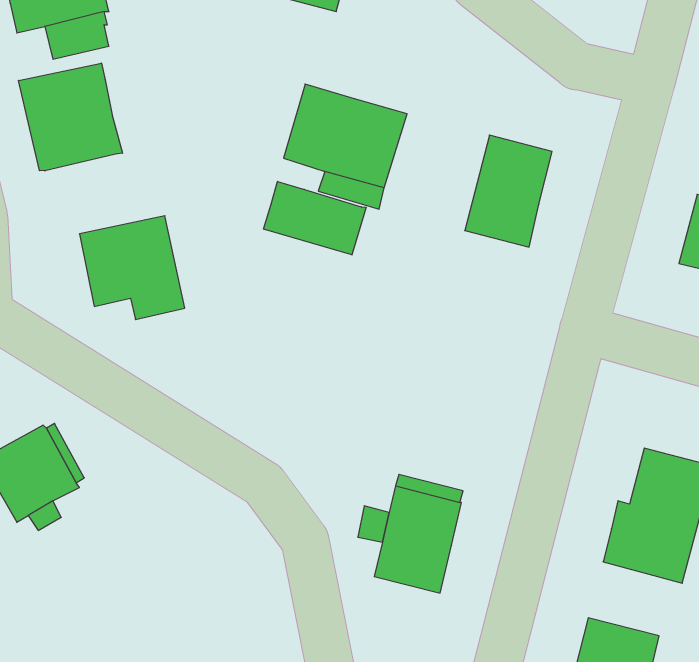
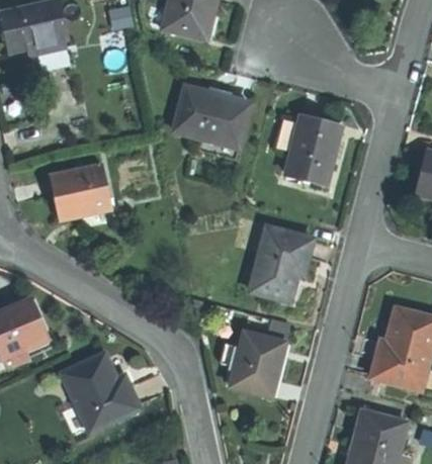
building: [18,63,122,171] -> none
building: [263,181,366,255] -> none
building: none -> [251,228,311,300]
building: none -> [63,353,142,432]

